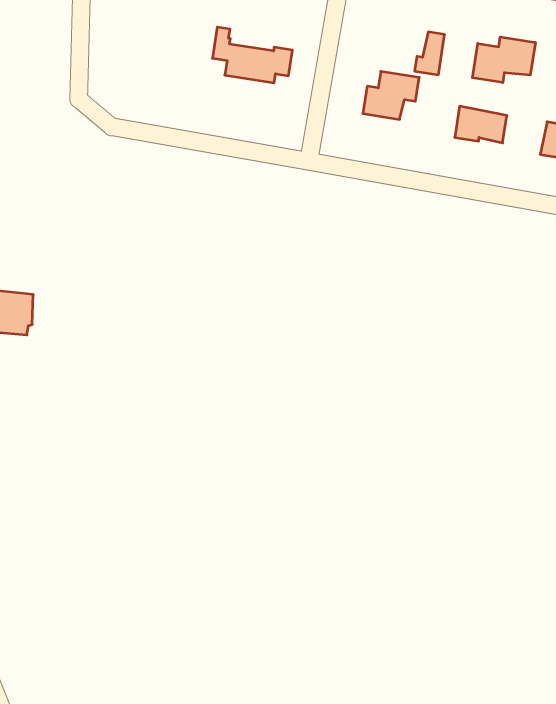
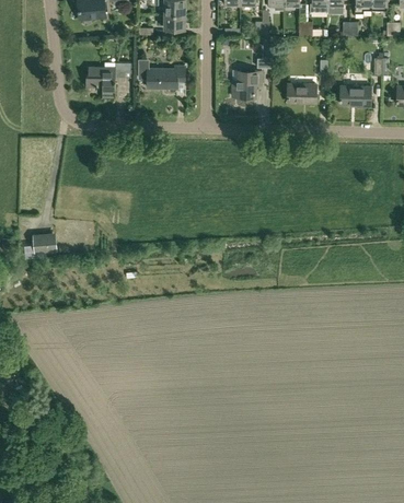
building: none -> [85,62,130,97]
building: [472,37,535,83] -> none

